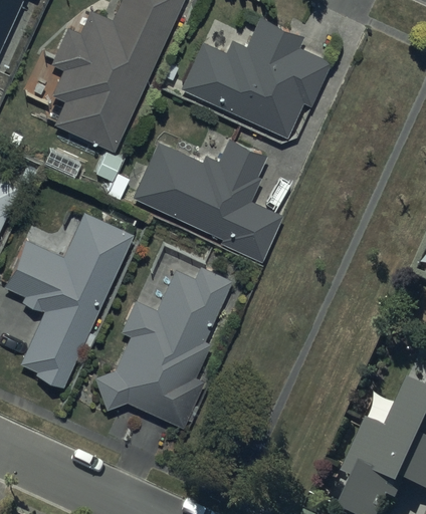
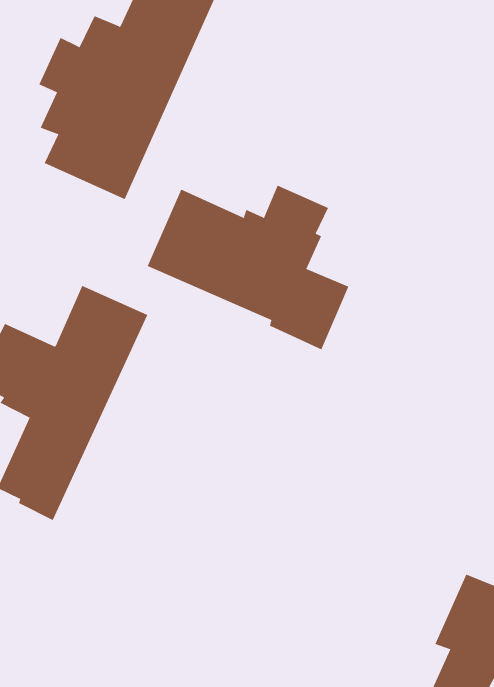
building: [181,17,331,139] -> none
building: [95,269,232,428] -> none

